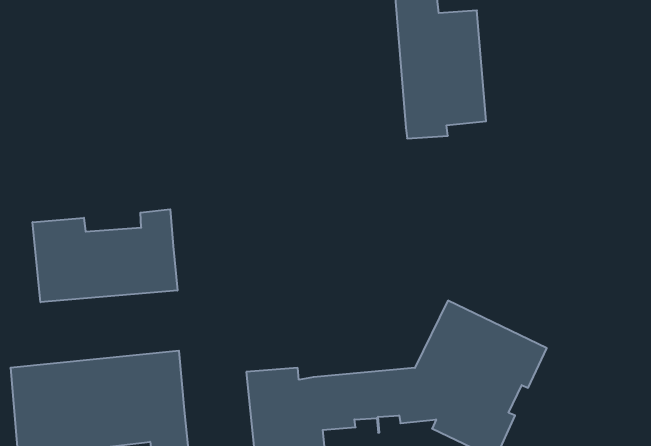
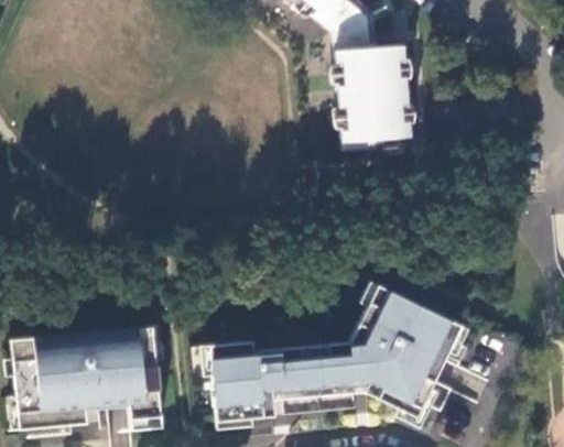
building: [33,209,177,302] -> none

